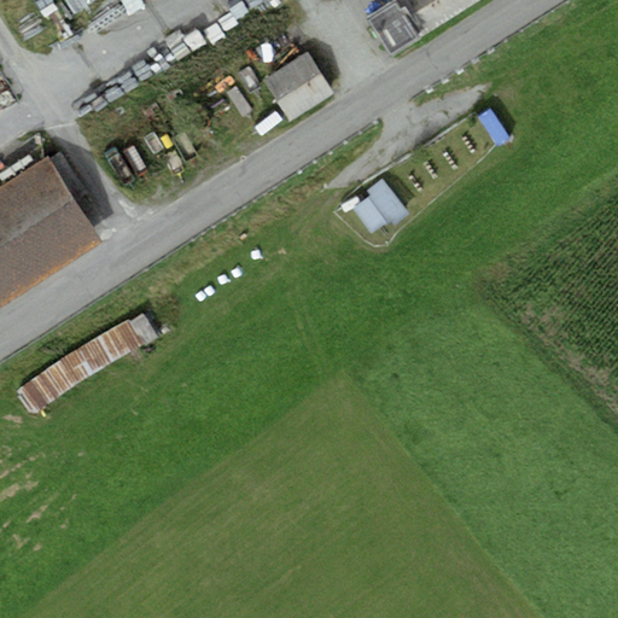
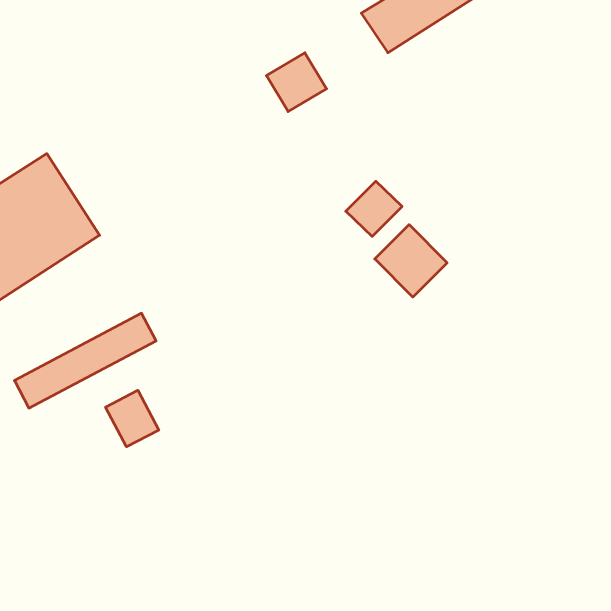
building: none -> [375,225,447,297]
building: none -> [106,390,159,447]

